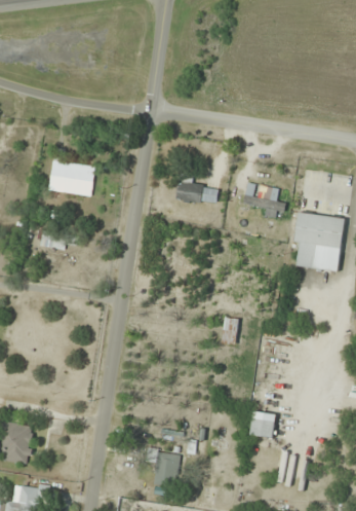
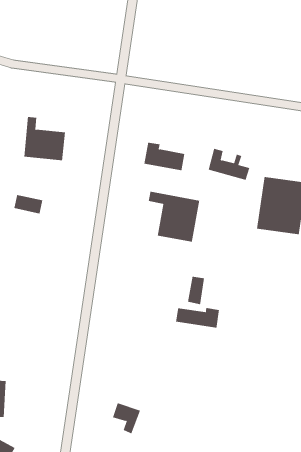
building: none -> [148,191,200,242]
building: none -> [176,307,220,329]
building: [249,411,276,438] -> none

